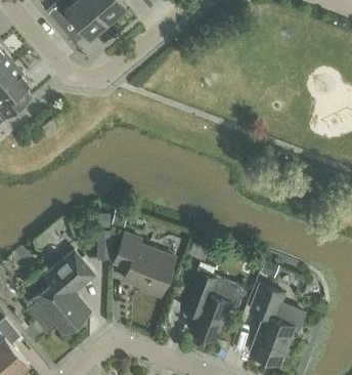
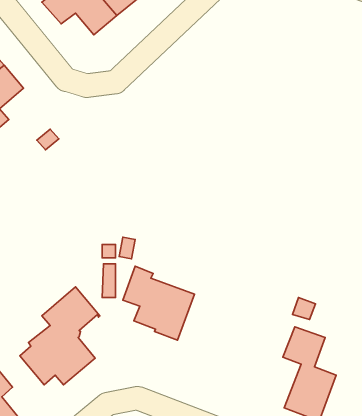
building: [180,269,246,341] -> none

